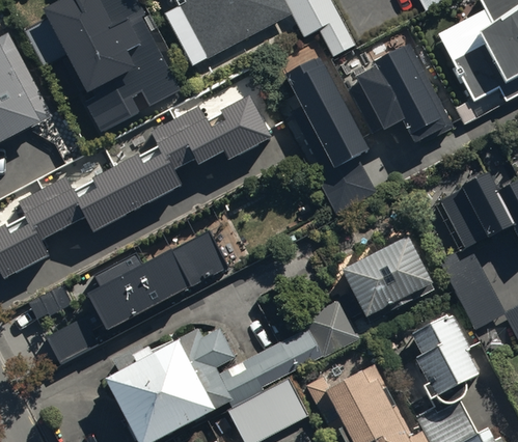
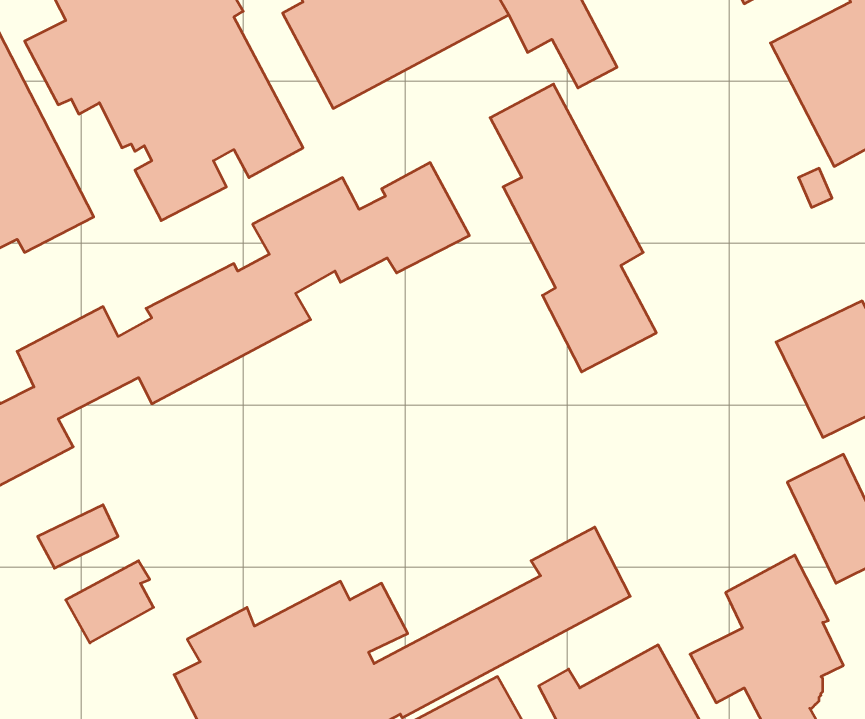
building: [346,42,449,143] -> none
building: [87,229,230,333] -> none
building: [342,237,435,317] -> none

